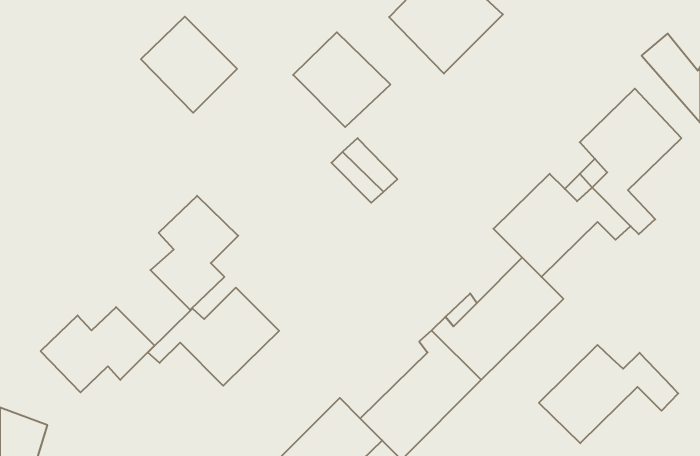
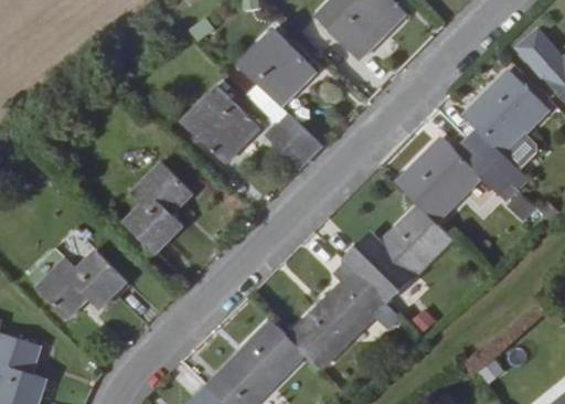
building: [141,17,237,113] -> [181,84,258,161]
building: [148,288,279,386] -> none
building: [539,345,678,443] -> none

